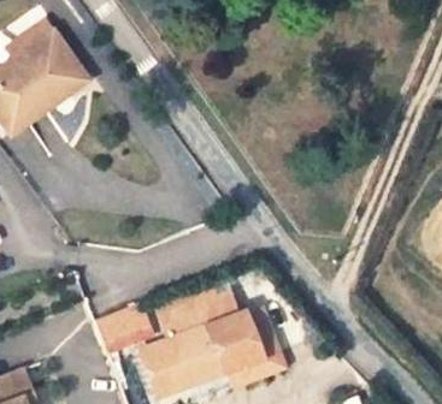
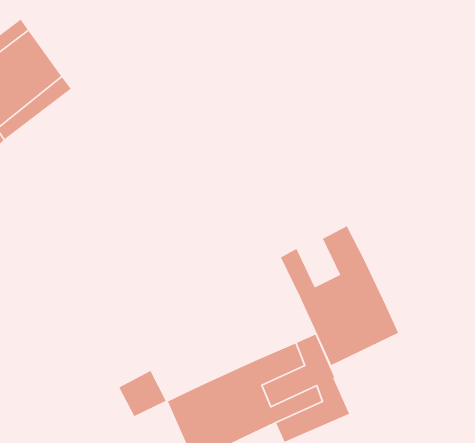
building: none -> [280,225,399,366]
building: [160,289,217,333] -> none

